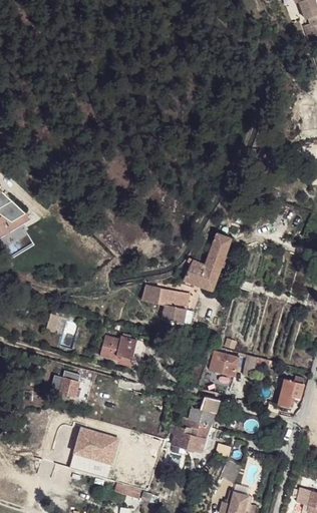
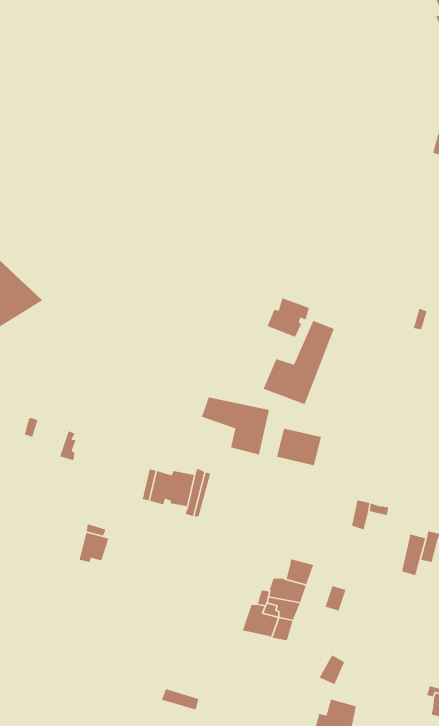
building: none -> [266,297,310,338]
building: [208,352,239,378] -> [276,428,322,466]
building: [69,426,118,476] -> none

